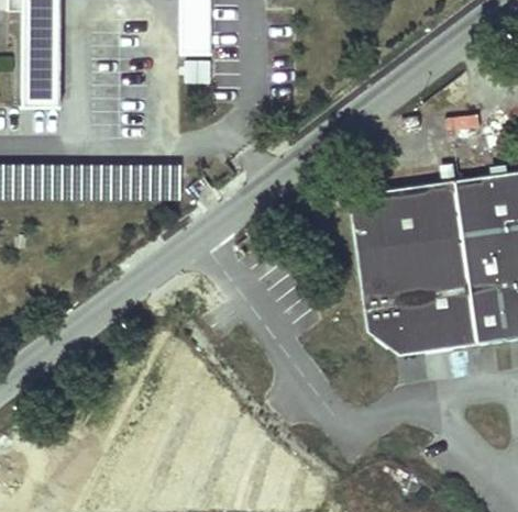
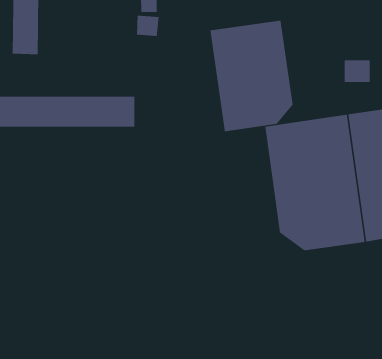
building: none -> [210,20,293,132]

